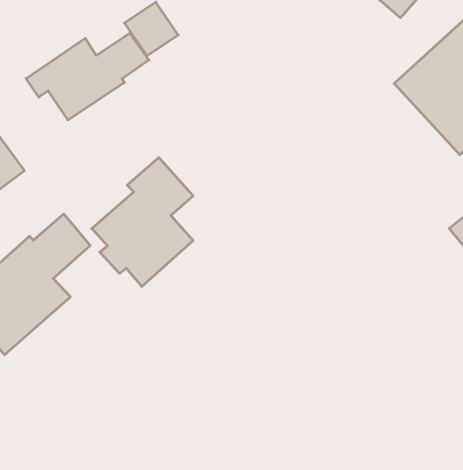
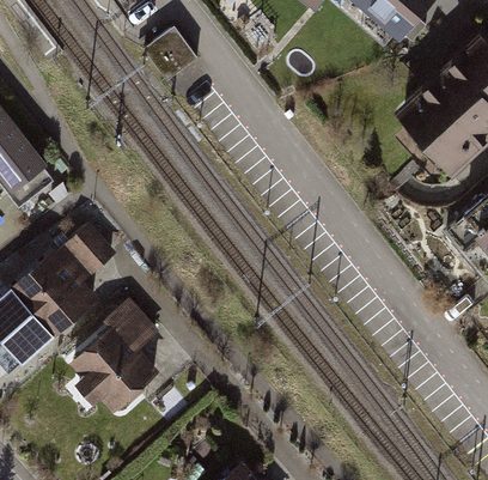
building: [26,33,149,120] -> none
building: [92,158,193,287] -> [68,298,160,415]

